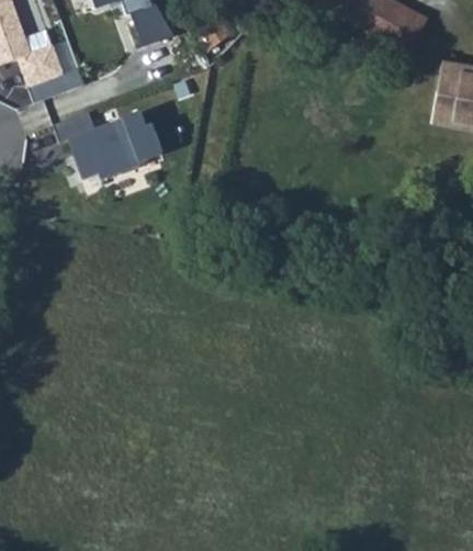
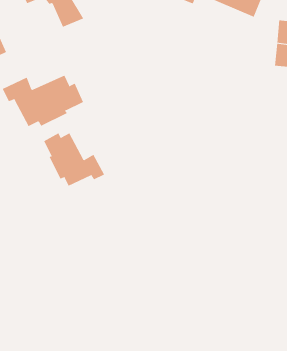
building: none -> [43,132,105,186]

